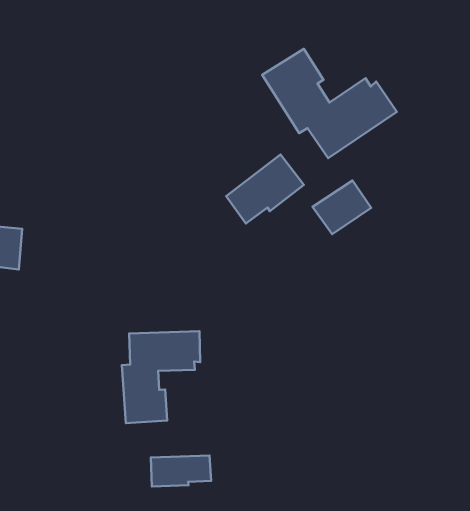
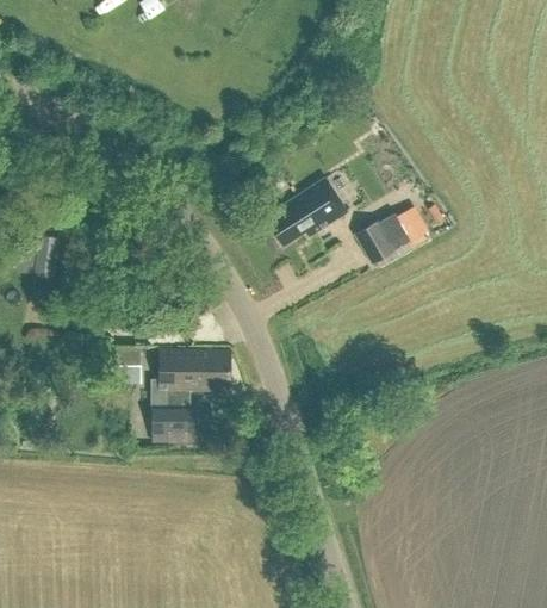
building: [262,49,397,158] -> none
building: [151,455,211,486] -> none

